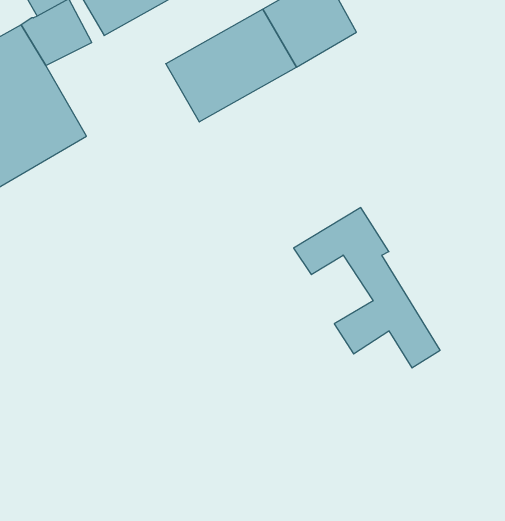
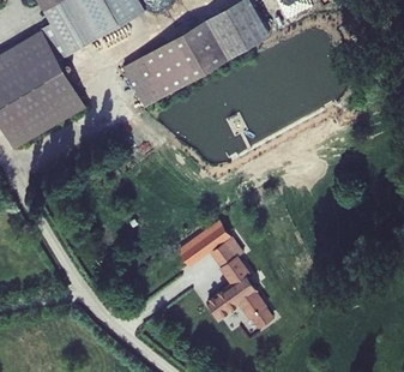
building: none -> [122,58,162,107]
building: [294,208,440,368] -> [176,220,276,329]

